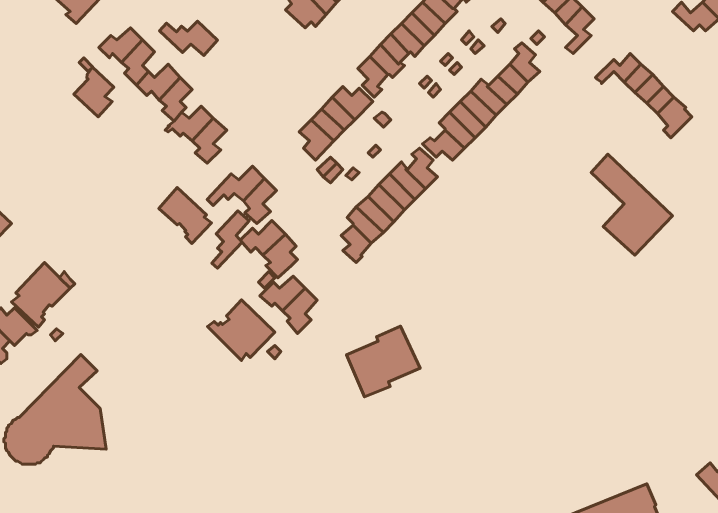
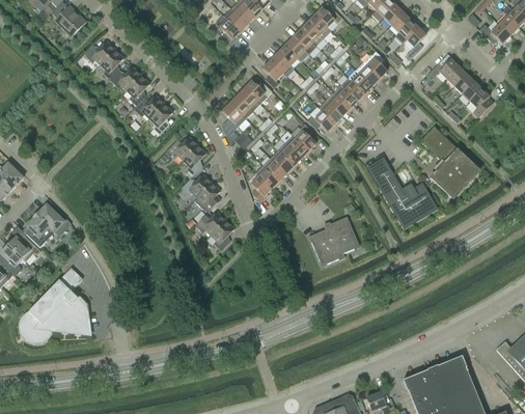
building: [159,21,218,55] -> none
building: [74,67,114,117] -> none
building: [159,188,212,244] -> none
building: none -> [368,159,436,226]
building: [212,211,249,268] -> none
building: [208,300,275,361] -> none
building: [346,326,420,397] -> [309,217,360,266]

